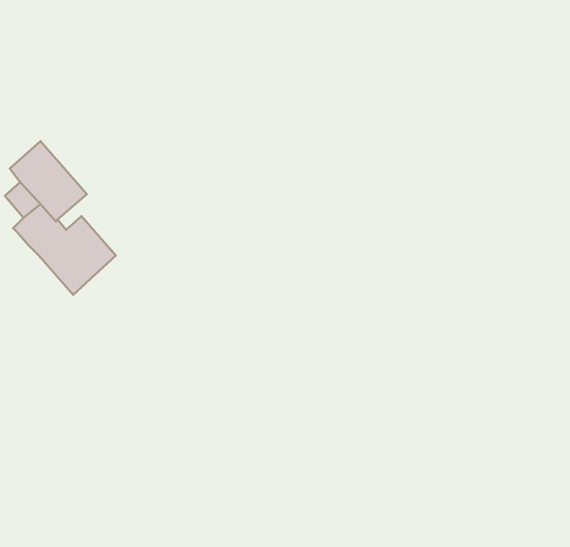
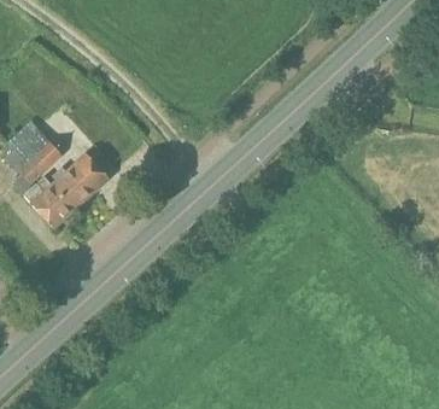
building: none -> [59,152,109,201]

